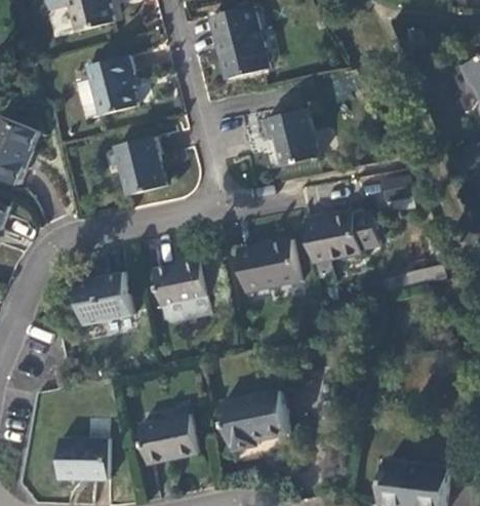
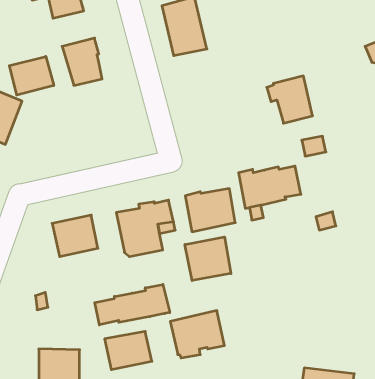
building: none -> [9,56,54,95]
building: [262,107,318,165] -> [267,76,313,123]
building: [115,137,165,194] -> none
building: none -> [185,237,231,281]
building: none -> [95,284,170,325]

